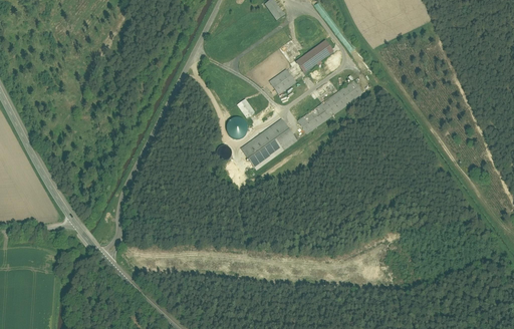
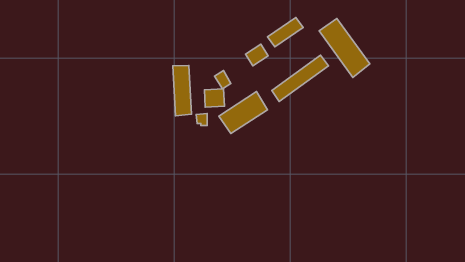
building: none -> [319,19,370,78]
building: none -> [173,66,191,116]

